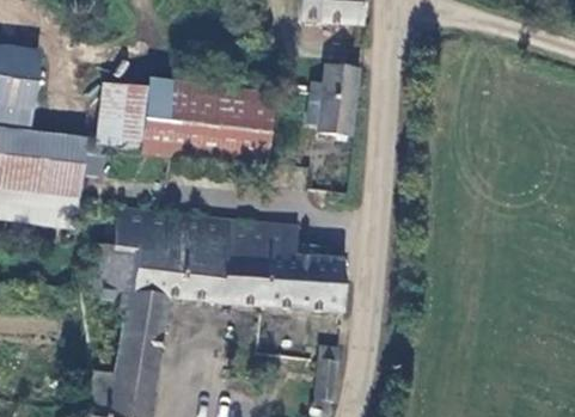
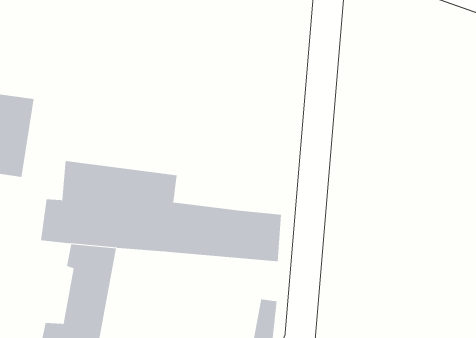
building: [313,66,361,130] -> none
building: [104,80,271,162] -> none
building: [231,220,302,257] -> none

